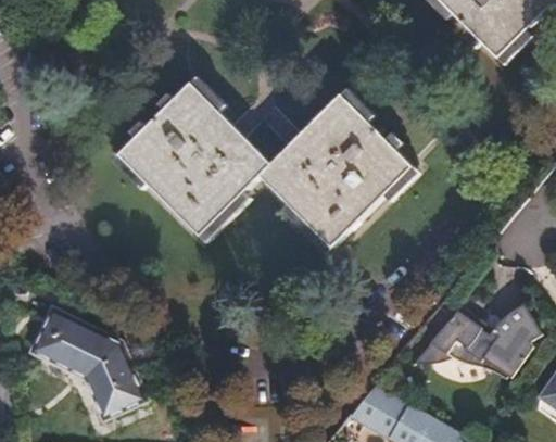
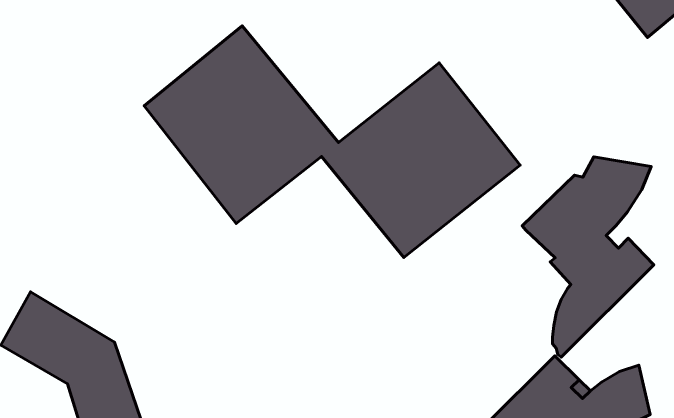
building: none -> [522,157,654,357]

